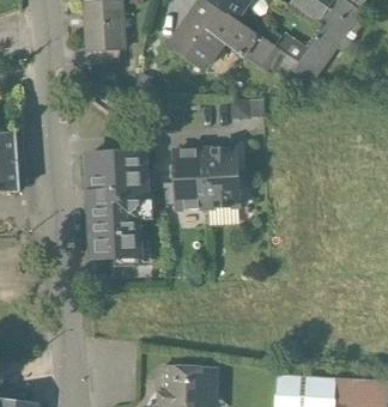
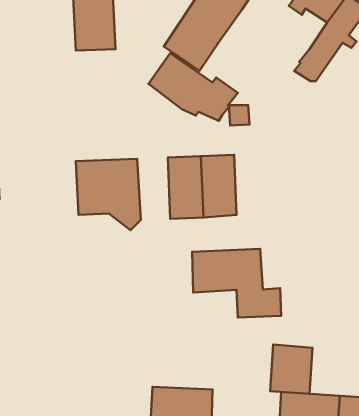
building: [223,12,307,75] -> [149,53,238,121]
building: [90,204,140,257] -> none
building: none -> [192,249,281,318]
building: none -> [270,344,312,394]

